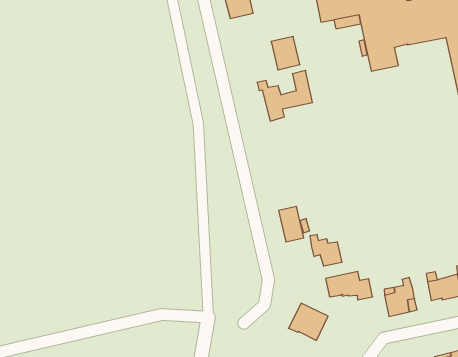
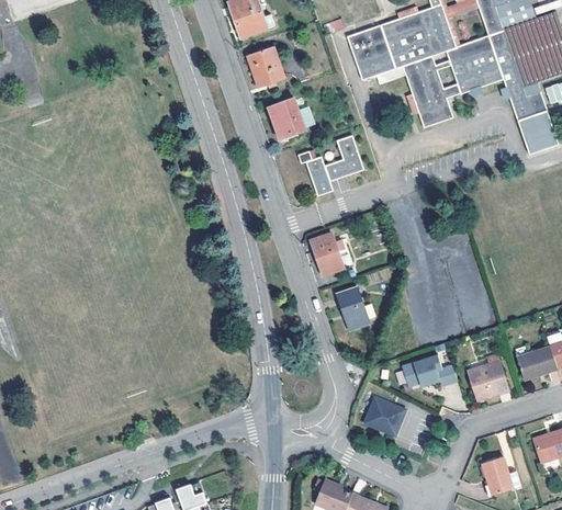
building: [271,36,300,70] -> [272,99,307,138]
building: none -> [313,235,344,274]
building: [310,234,342,266] -> none

